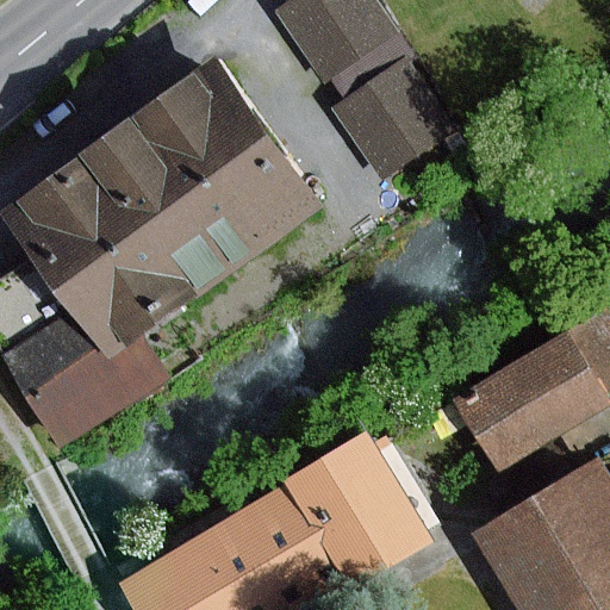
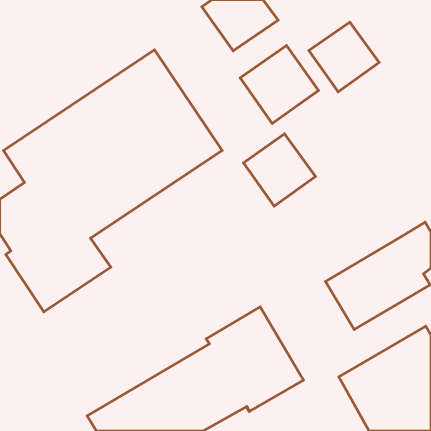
building: none -> [309,22,379,92]
building: none -> [244,134,316,206]

